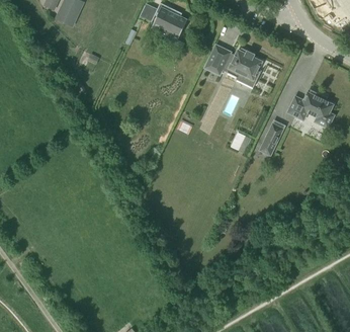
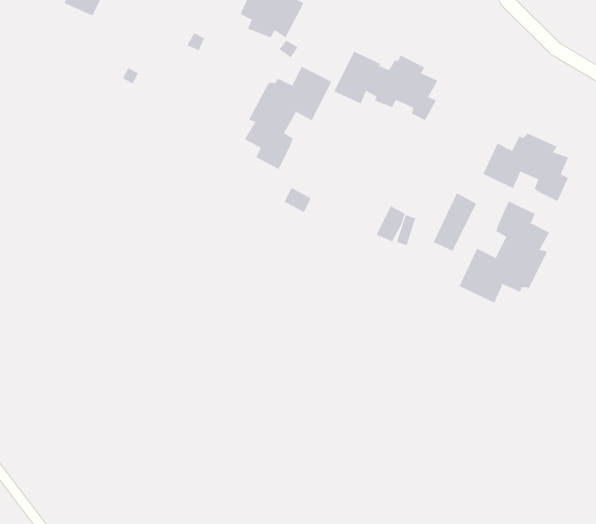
building: none -> [244,66,332,170]
building: none -> [459,201,550,304]

